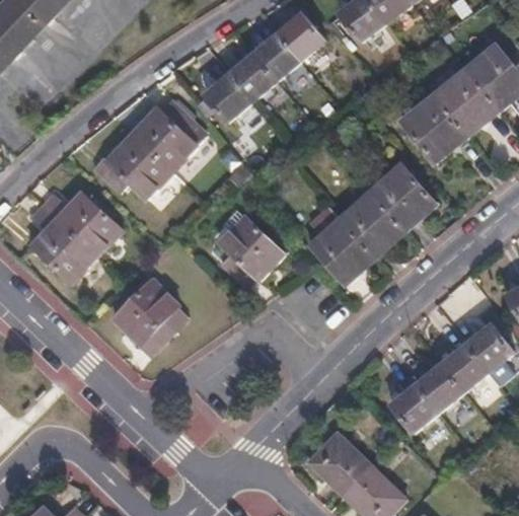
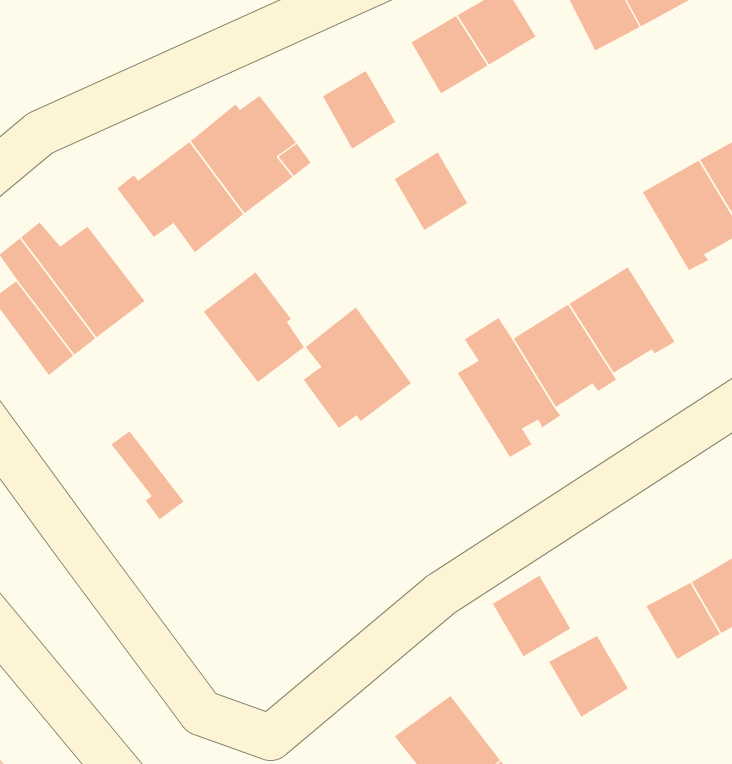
building: [229,55,275,102] -> [394,152,468,231]
building: [125,279,188,344] -> [203,272,305,383]
building: [417,362,465,412] -> [492,575,571,657]

